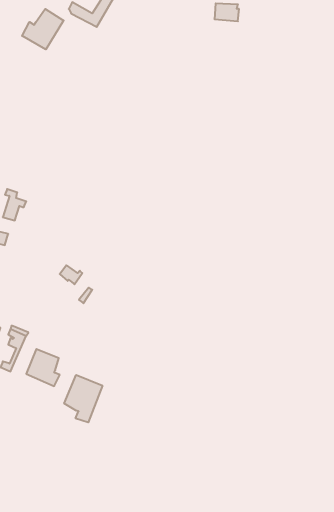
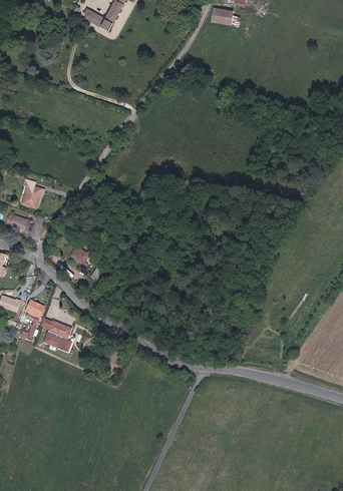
building: [22,9,64,49] -> none
building: [64,375,102,422] -> none

